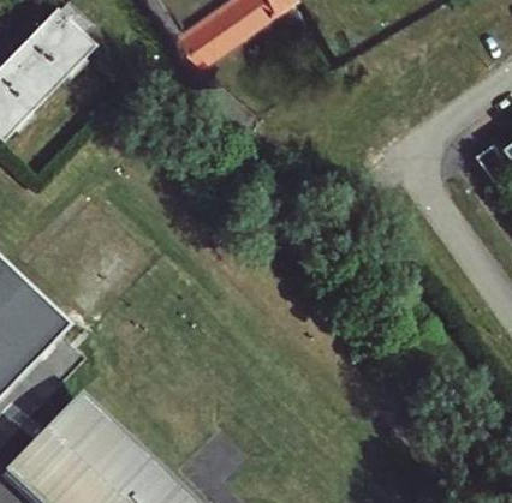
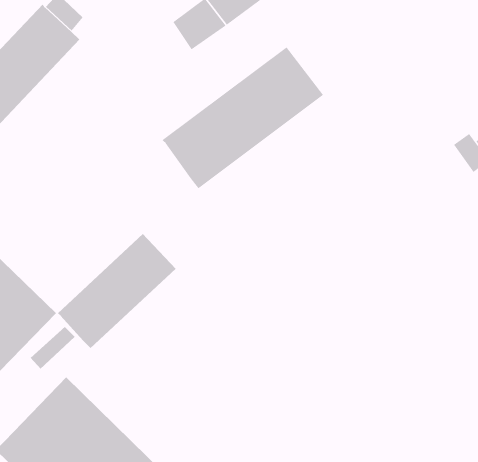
building: none -> [161,46,324,189]
building: none -> [57,233,176,349]

